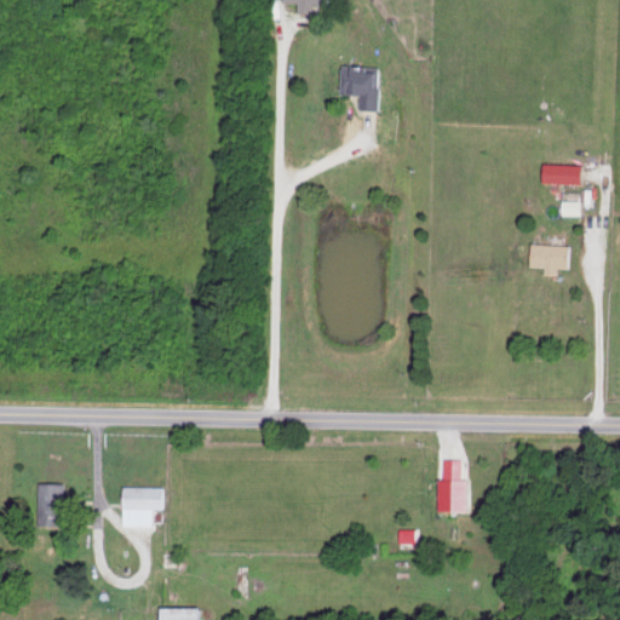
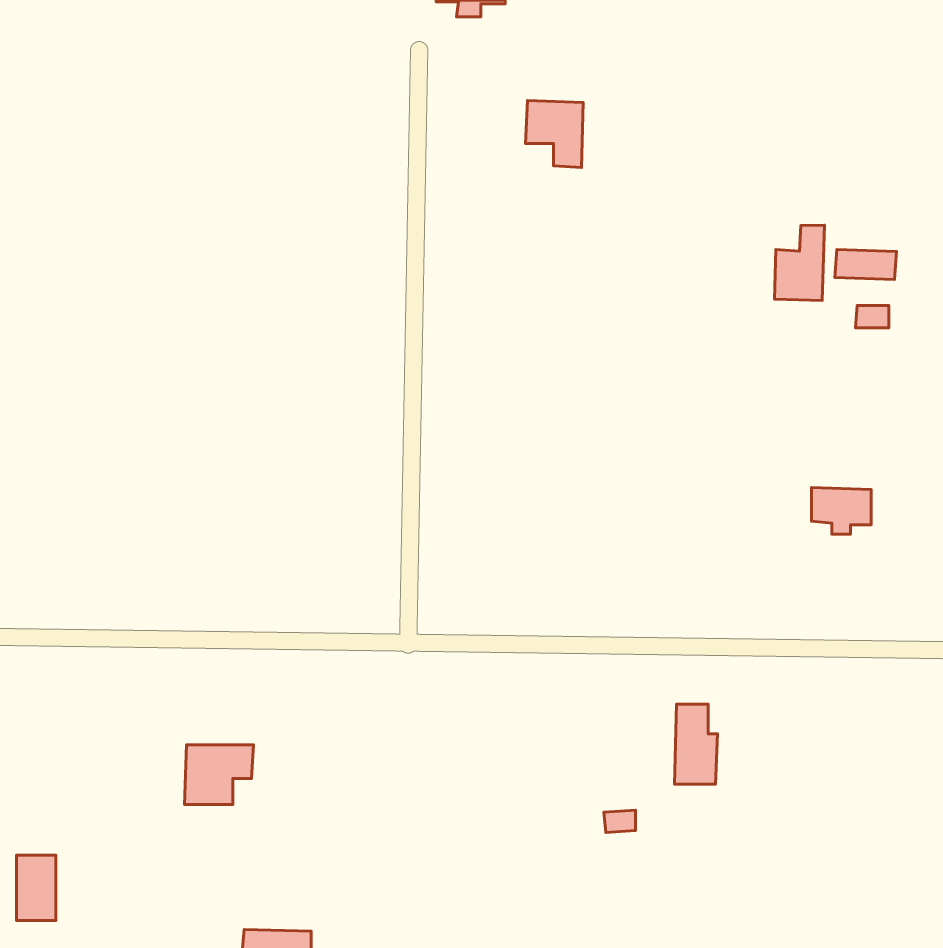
building: none -> [775,225,825,301]
building: [530,245,569,275] -> [811,488,871,534]
building: [39,483,64,526] -> [17,855,56,920]

